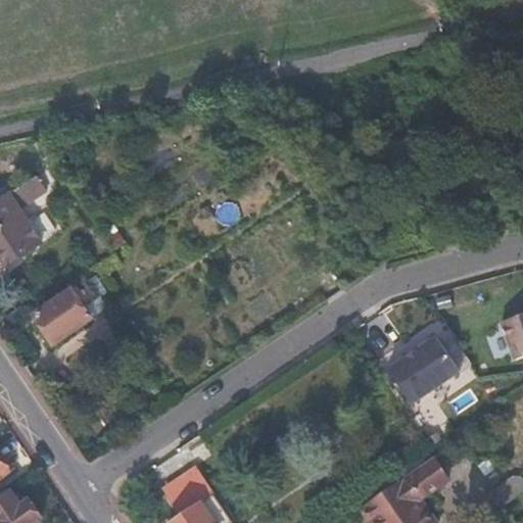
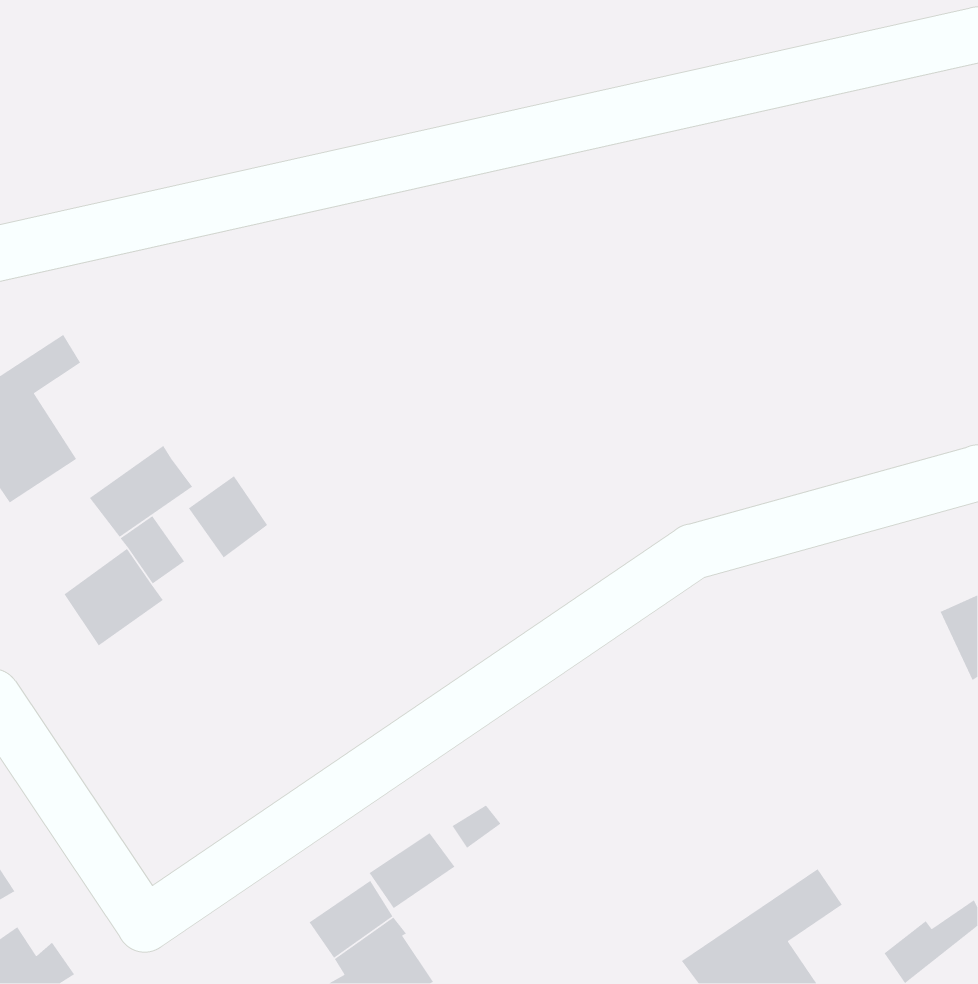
building: none -> [89,445,193,538]
building: none -> [188,475,268,559]
building: [387,336,459,406] -> none
building: none -> [369,832,455,909]

